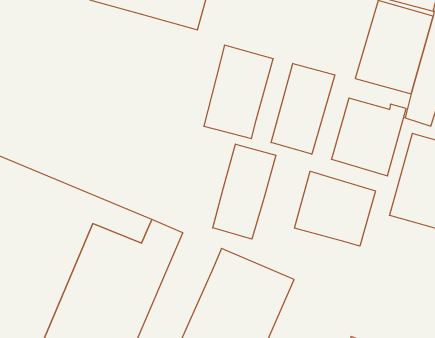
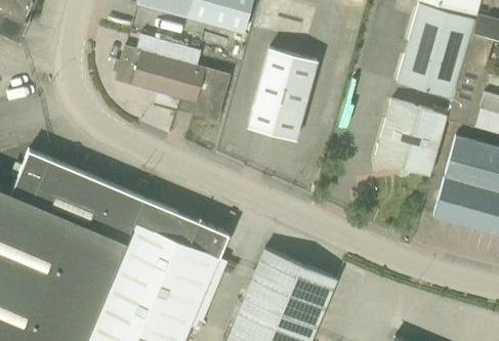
building: none -> [115,35,230,121]
building: [271,63,335,154] -> none
building: [213,144,276,239] -> none
building: [295,171,375,246] -> none

